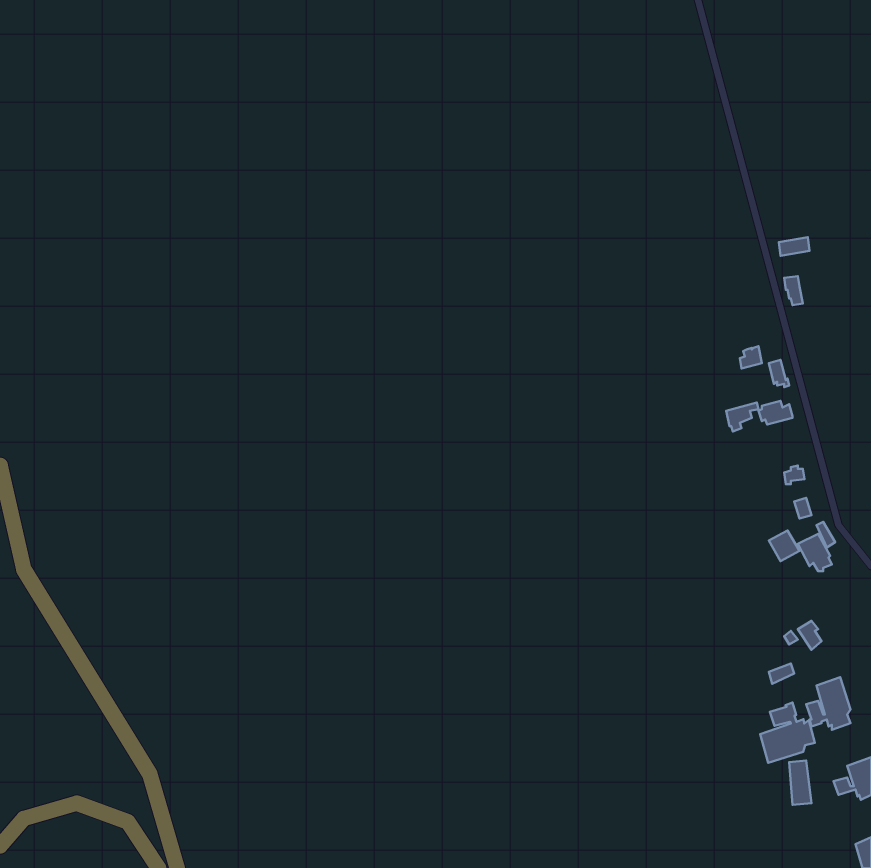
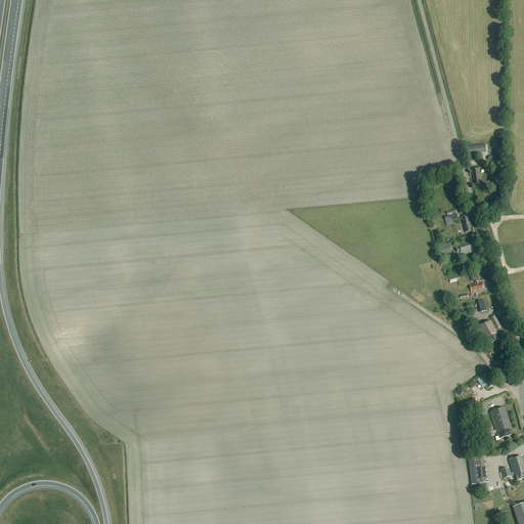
building: [760,703,815,763] -> none

